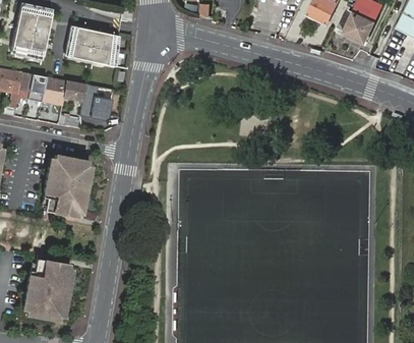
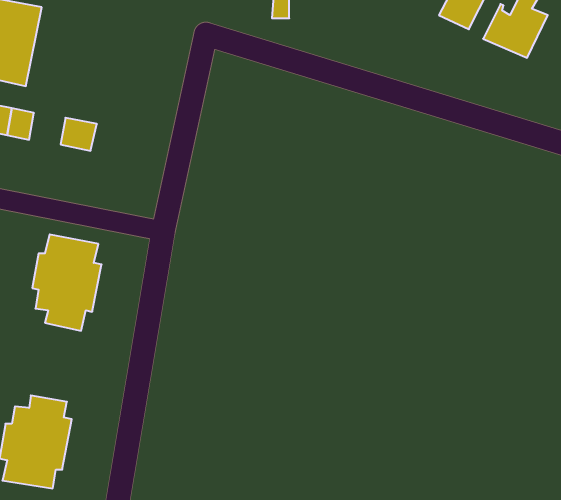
building: [64,25,119,66] -> none
building: [43,77,67,105] -> none
building: [81,84,113,120] -> none

